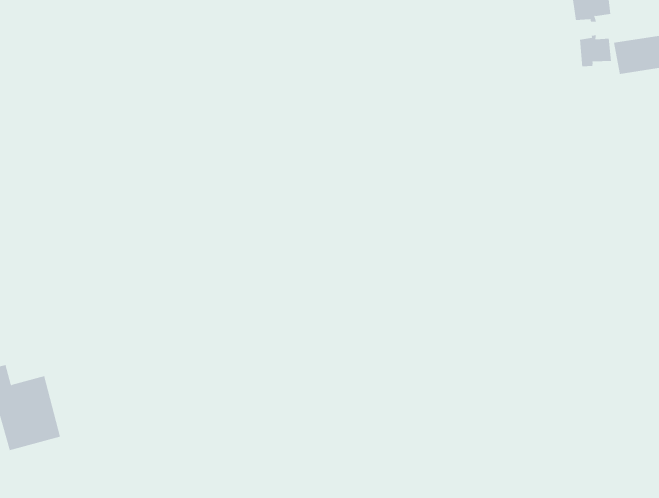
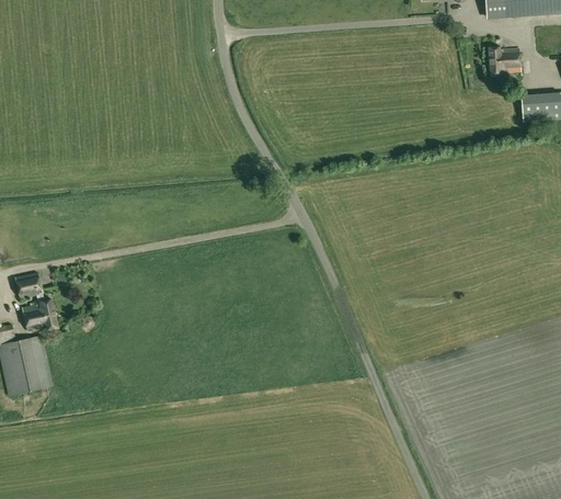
building: [580,34,612,67] -> none
building: none -> [15,273,58,331]

